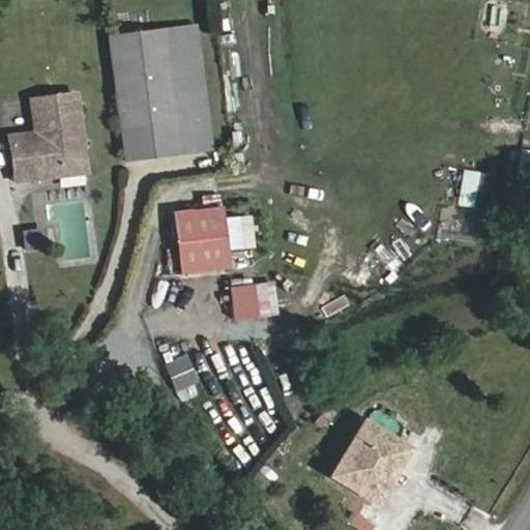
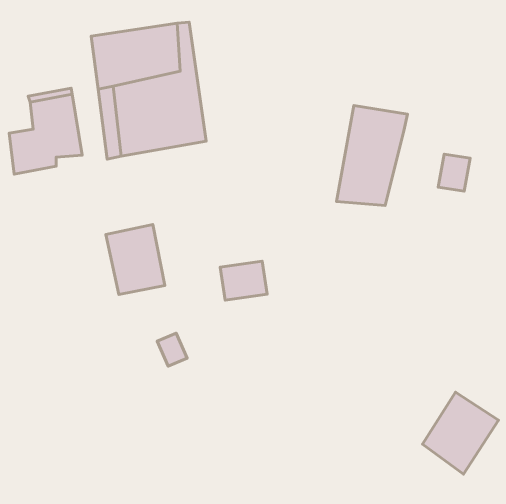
building: none -> [336,106,407,206]
building: [179,205,240,277] -> [106,224,165,294]
building: [336,430,415,514] -> [422,392,498,474]

